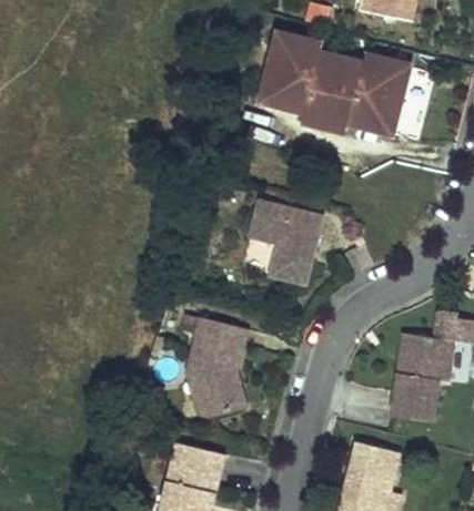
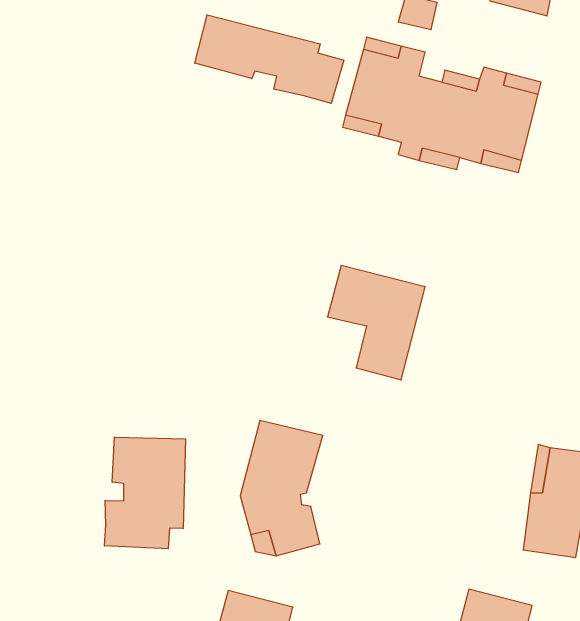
building: none -> [195,15,344,103]
building: none -> [104,437,186,549]

